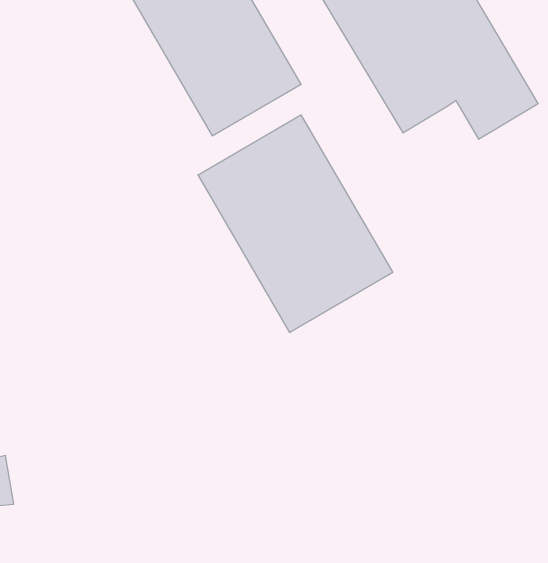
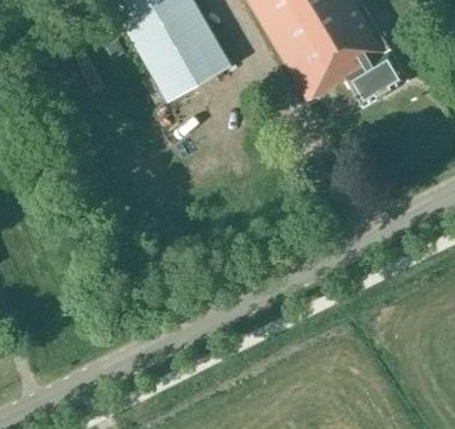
building: [198,115,393,333] -> none

